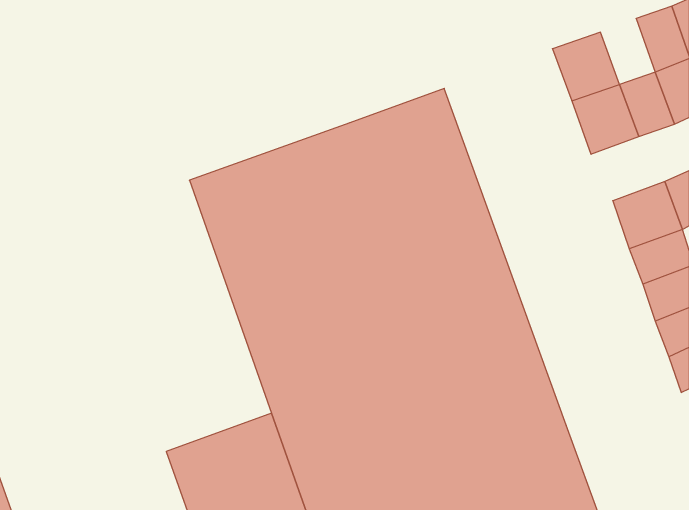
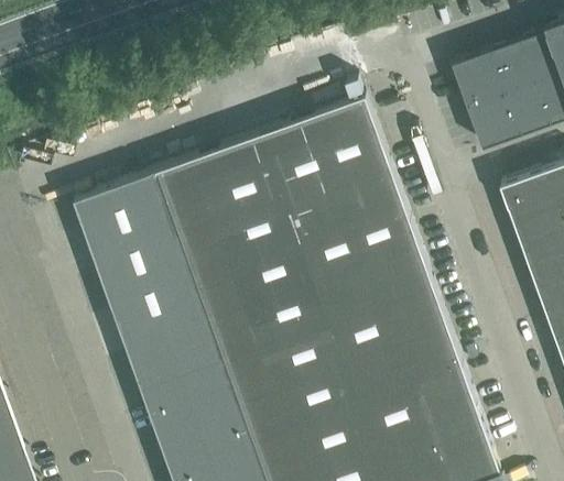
building: none -> [490,42,534,95]
building: none -> [74,172,226,390]

